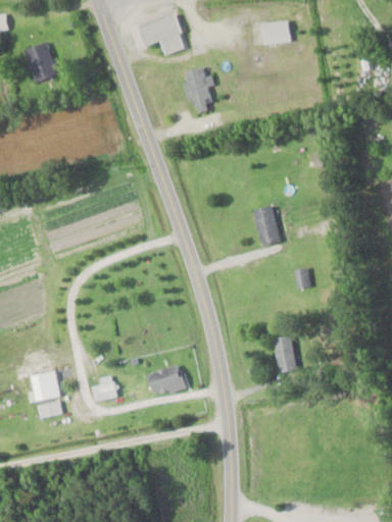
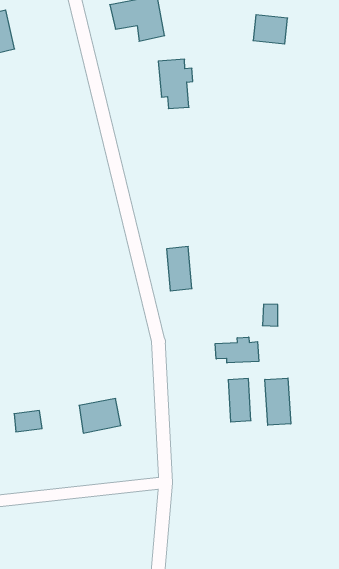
building: [254,205,280,245] -> [167,247,192,291]
building: none -> [215,337,259,363]
building: none -> [265,378,291,425]

